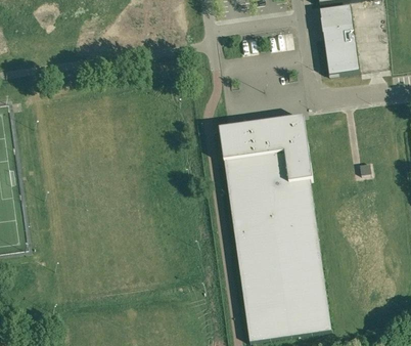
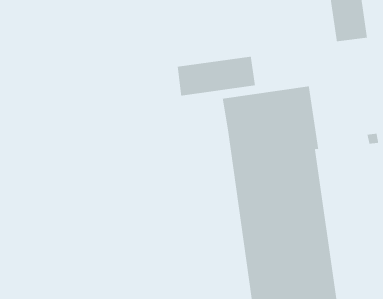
building: none -> [177,56,256,97]

